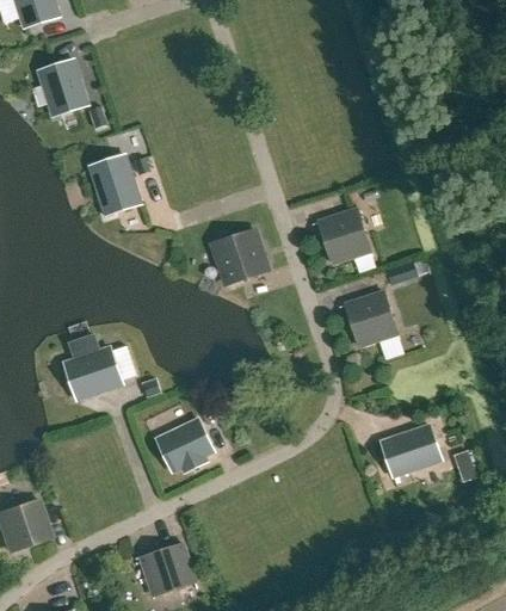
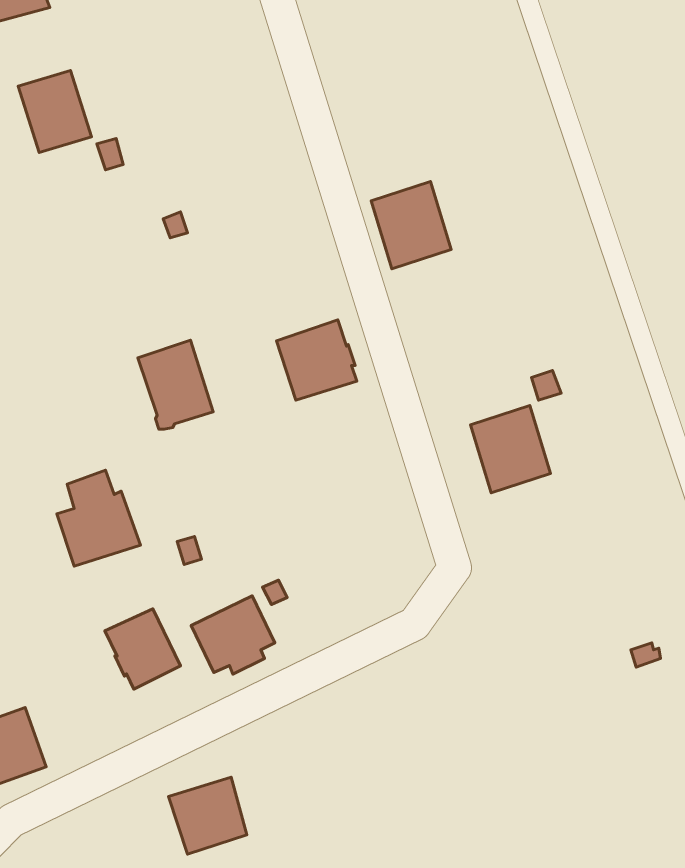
building: [87,155,138,216] -> [138,340,213,429]
building: [317,206,372,266] -> [371,182,451,269]
building: [380,426,439,476] -> none
building: none -> [105,609,181,689]

